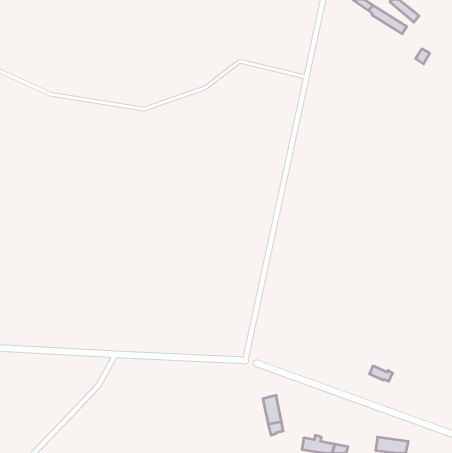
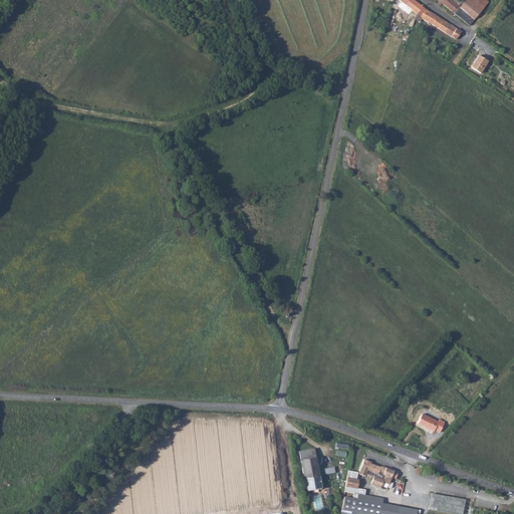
building: none -> [358,459,398,487]

